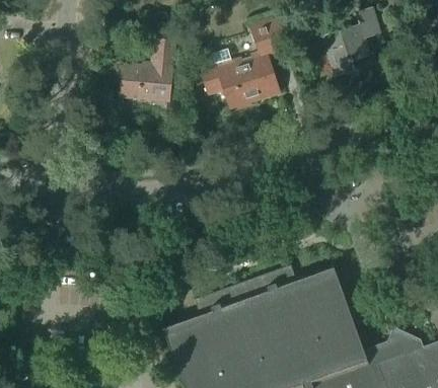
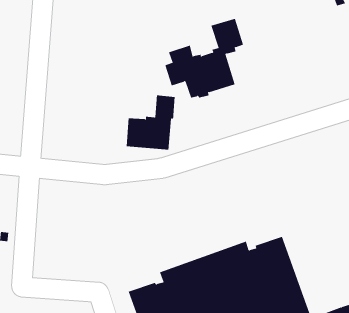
building: [323,9,381,77] -> none
building: [122,41,176,101] -> [126,95,176,150]

